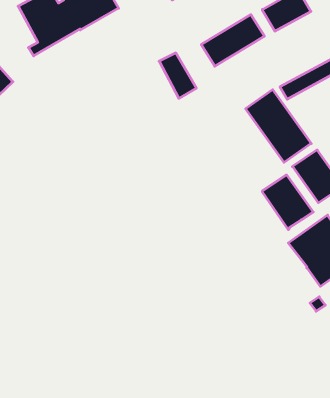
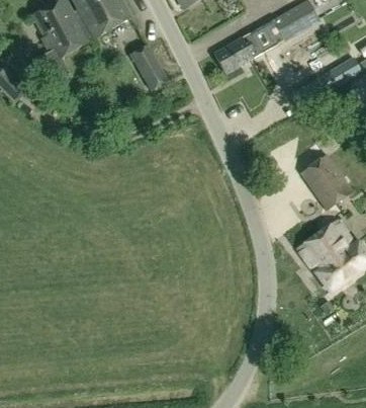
building: [159,53,196,98] -> [132,46,169,90]
building: [246,90,311,162] -> none
building: [262,175,313,230] -> none

